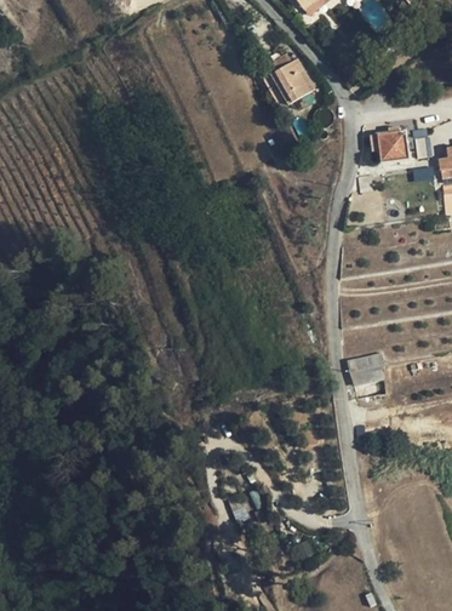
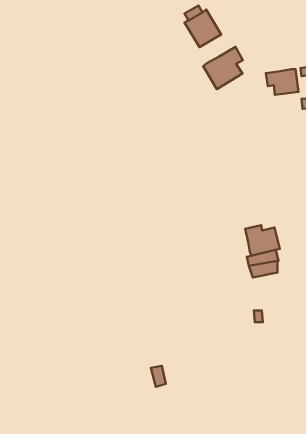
building: none -> [203,47,243,89]
building: none -> [245,225,280,256]

